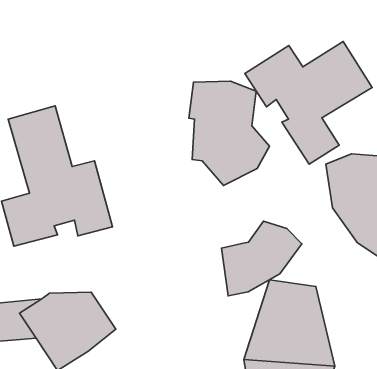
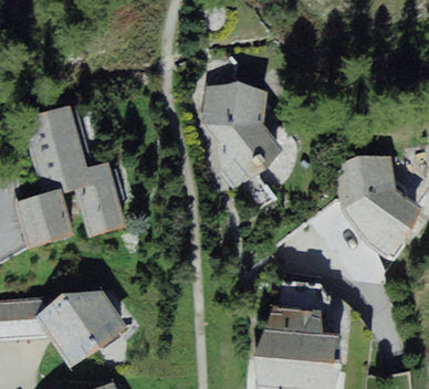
building: [245,42,372,164] -> none
building: [221,221,302,296] -> none

